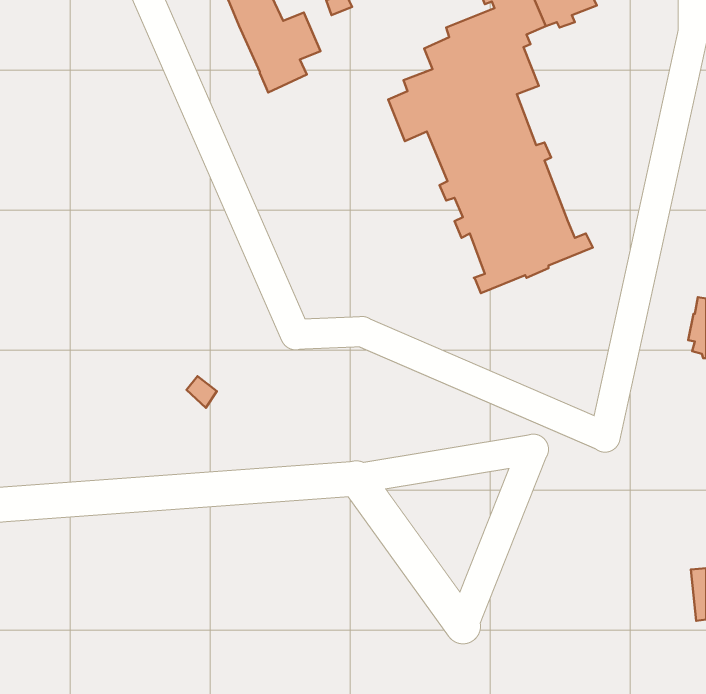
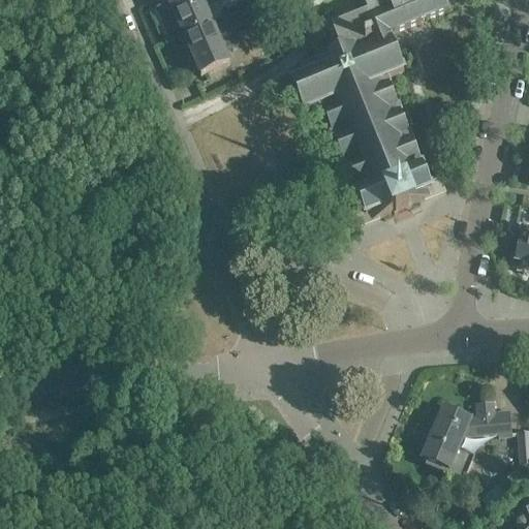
building: none -> [421,396,511,470]

